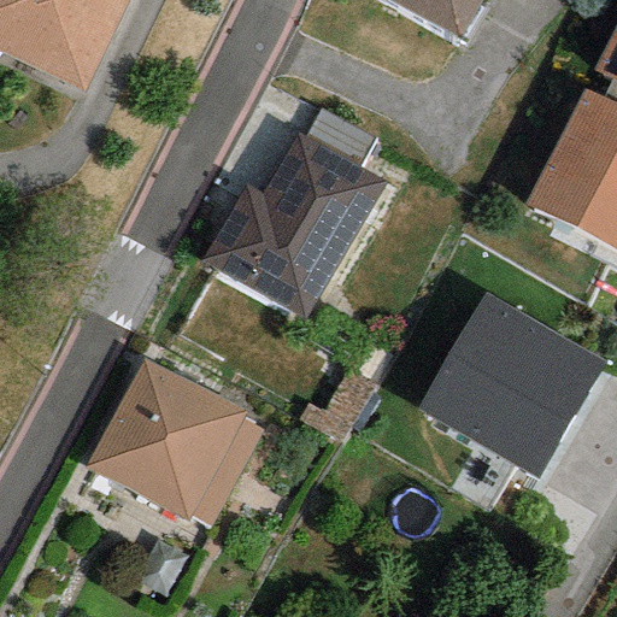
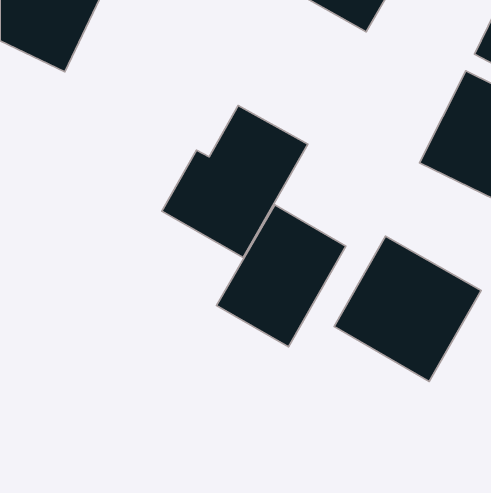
building: none -> [216,205,346,347]
building: [87,357,263,525] -> none

